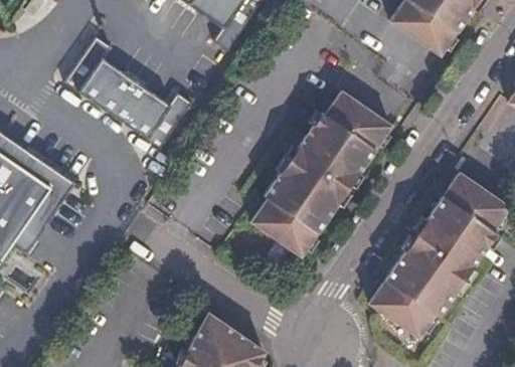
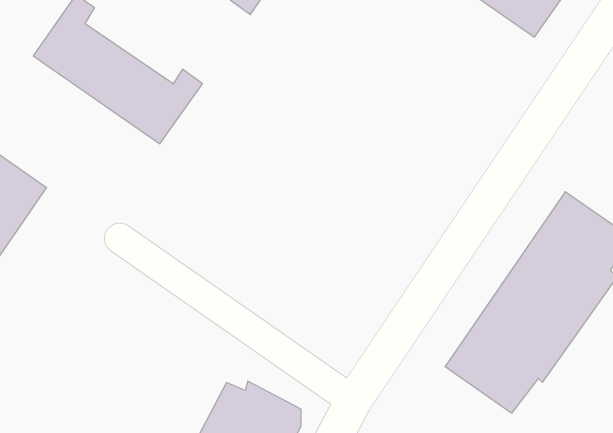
building: [248,96,390,261] -> none

